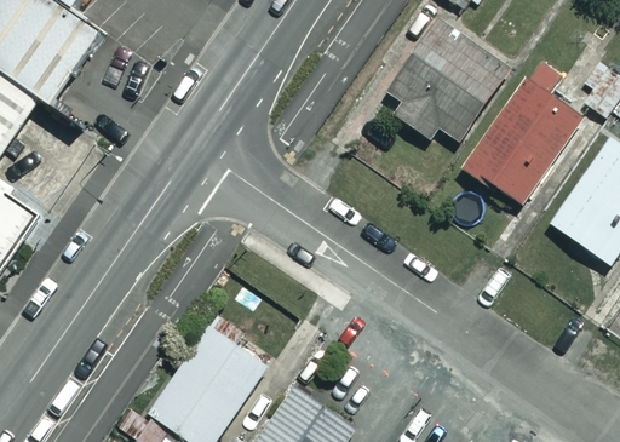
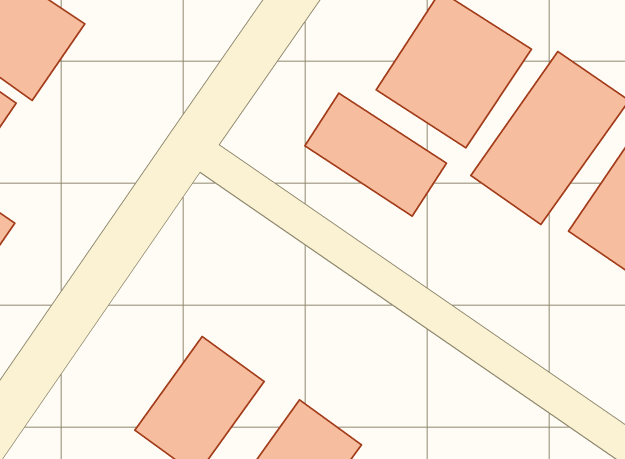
building: none -> [305,93,446,216]

